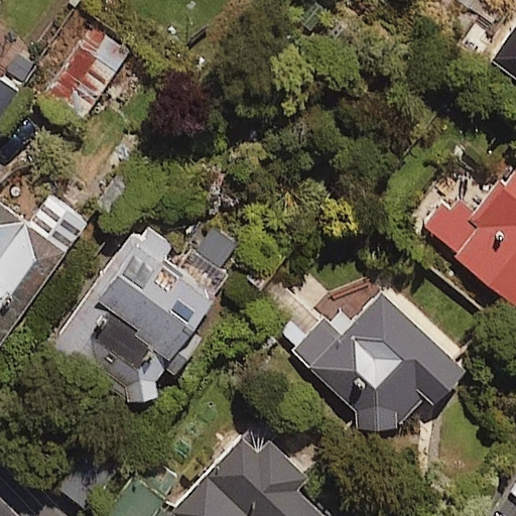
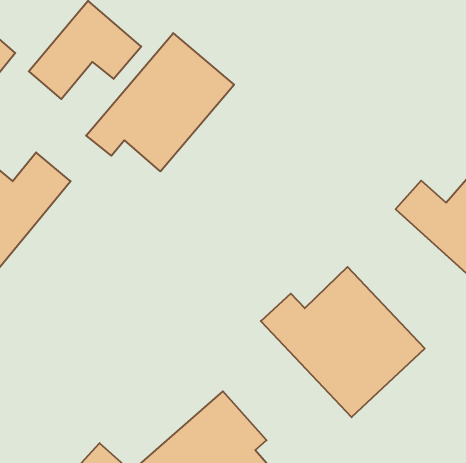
building: none -> [86,33,234,171]
building: [54,227,210,402] -> none

